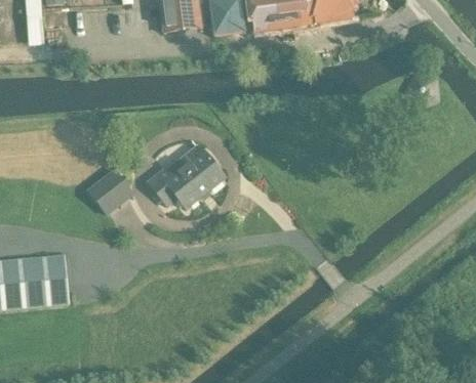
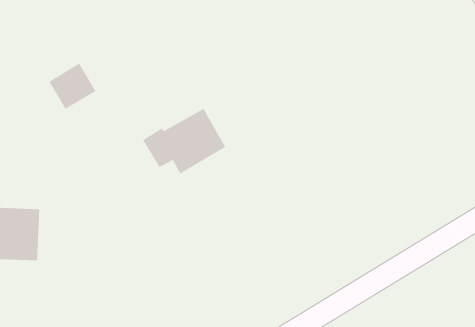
building: [88,169,132,213] -> [48,63,96,110]

